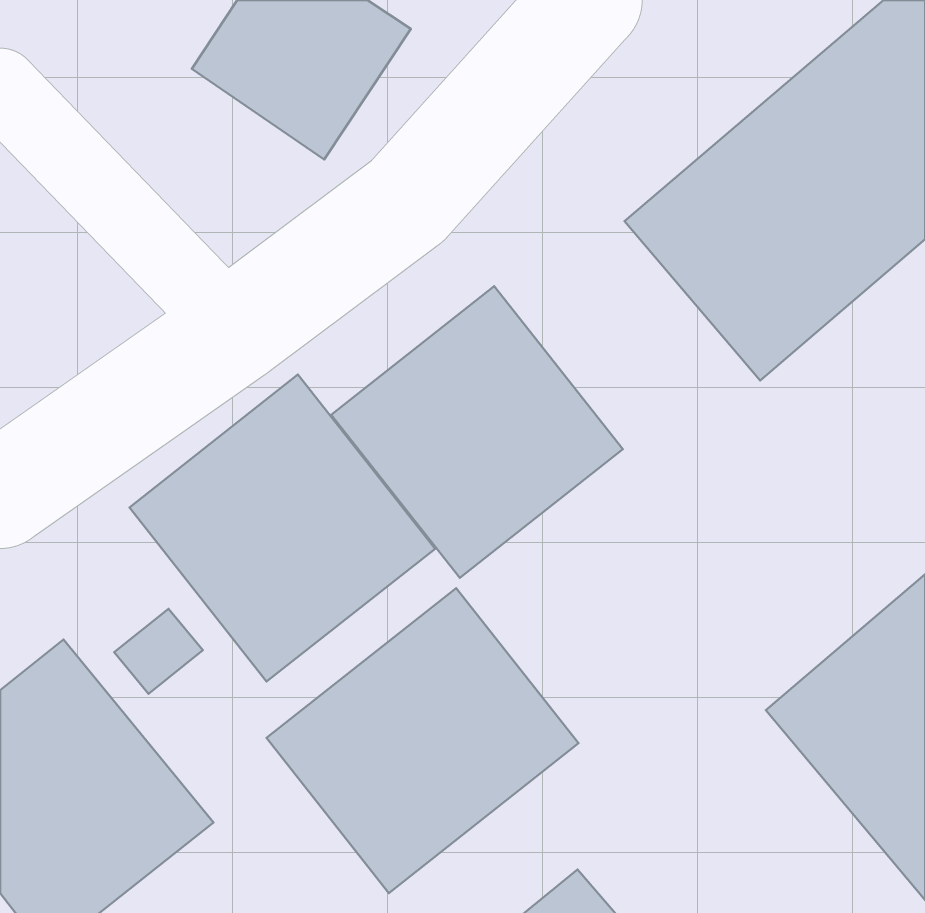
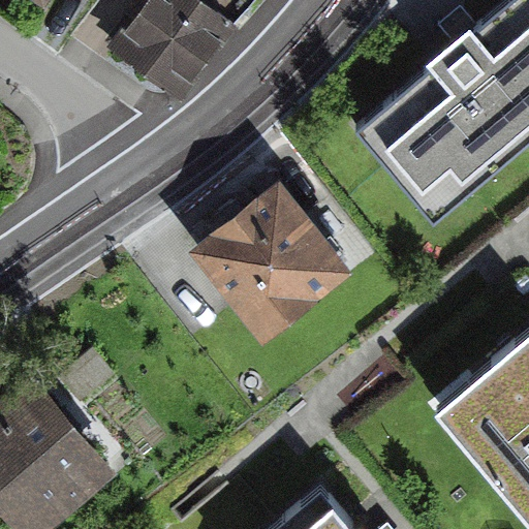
building: [129,375,435,682] -> none
building: [266,588,579,893] -> none

